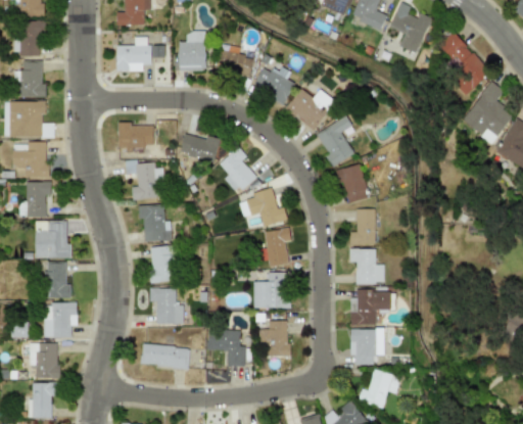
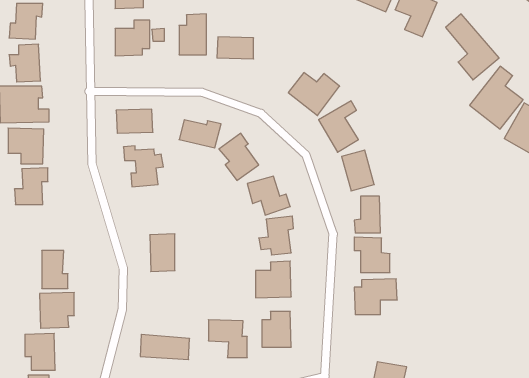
building: [253,66,295,102] -> none
building: [139,204,173,241] -> none
building: [36,221,72,257] -> none
building: [150,288,184,324] -> none
building: [351,329,385,365] -> none

